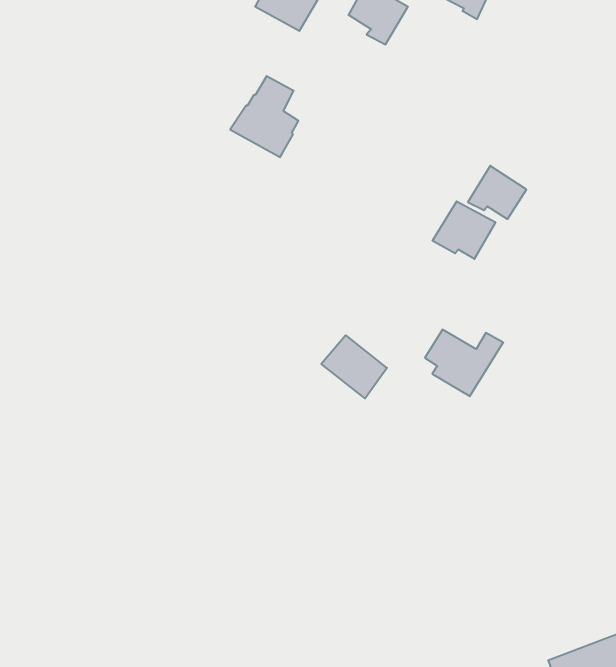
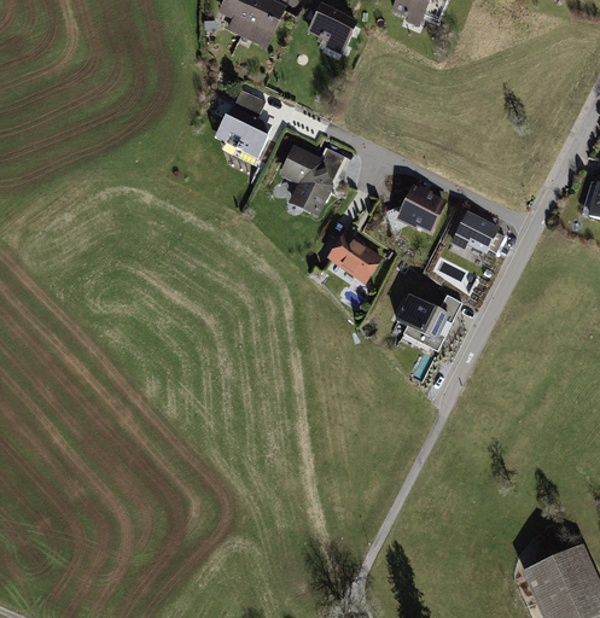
building: none -> [279,145,344,216]
building: [468,166,526,219] -> [450,209,500,253]
building: [321,335,387,398] -> [326,231,383,284]

